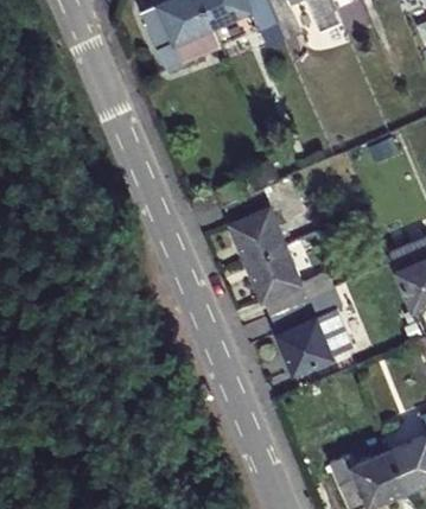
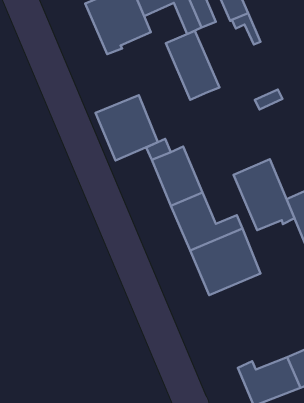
building: none -> [166,31,219,100]
building: none -> [96,95,158,161]
building: none -> [234,159,294,230]

